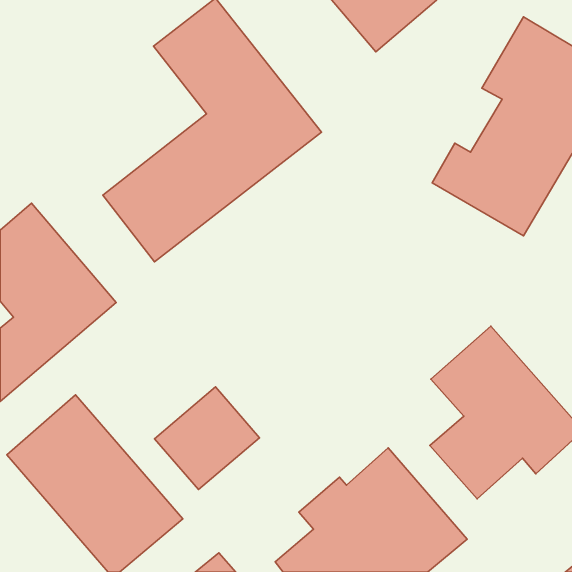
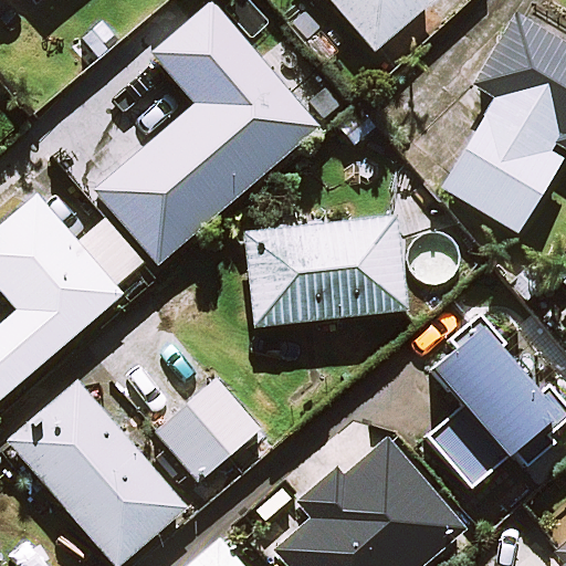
building: none -> [243,212,407,327]

